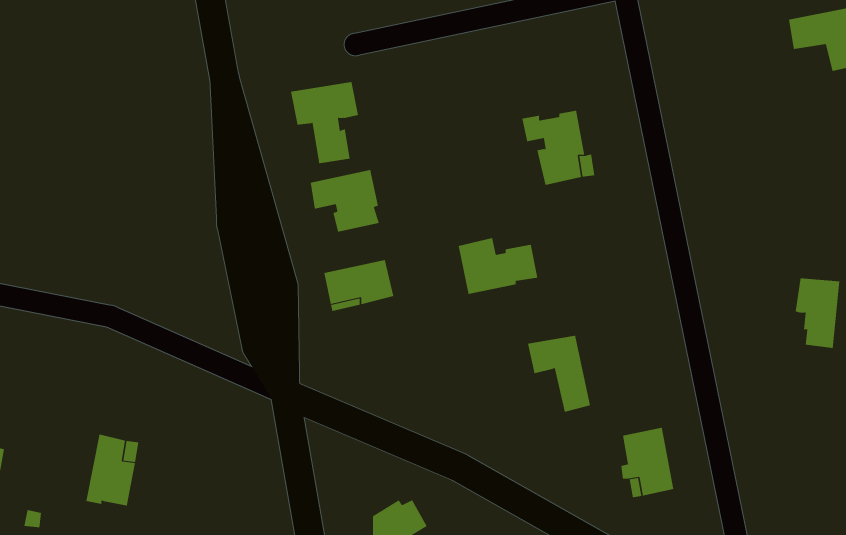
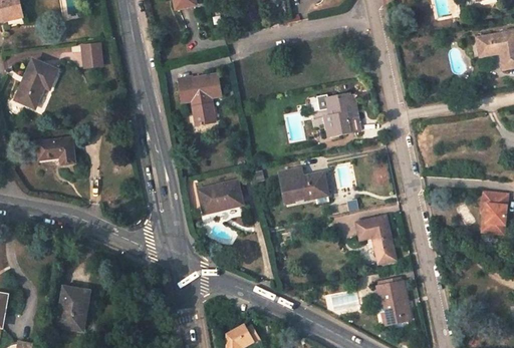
building: none -> [81,42,101,67]
building: none -> [15,58,57,106]
building: [310,169,379,233] -> none
building: none -> [38,137,75,162]
building: [527,335,591,412] -> [356,216,395,262]

